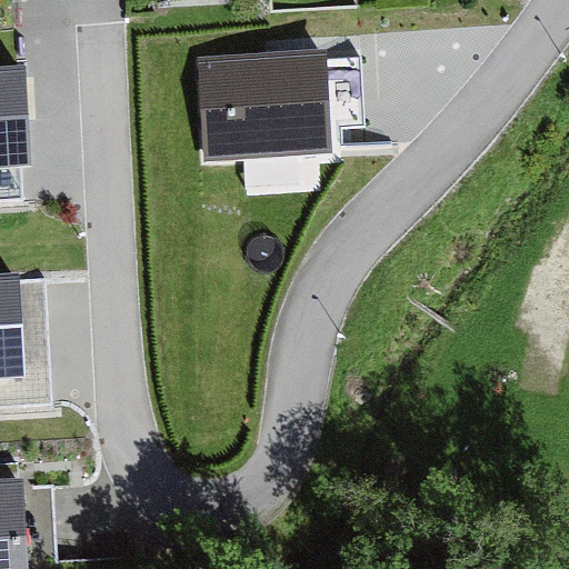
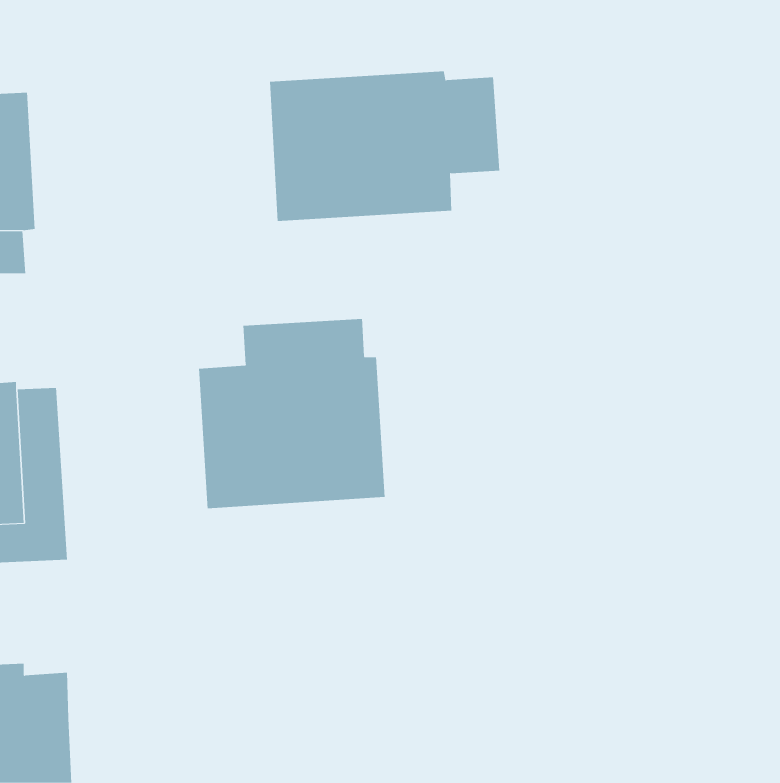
building: none -> [198,318,385,509]

